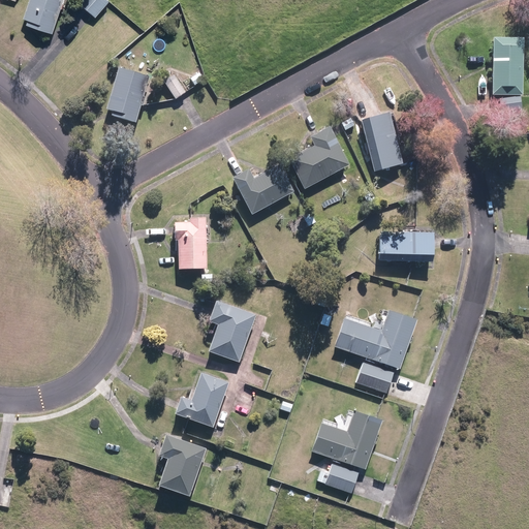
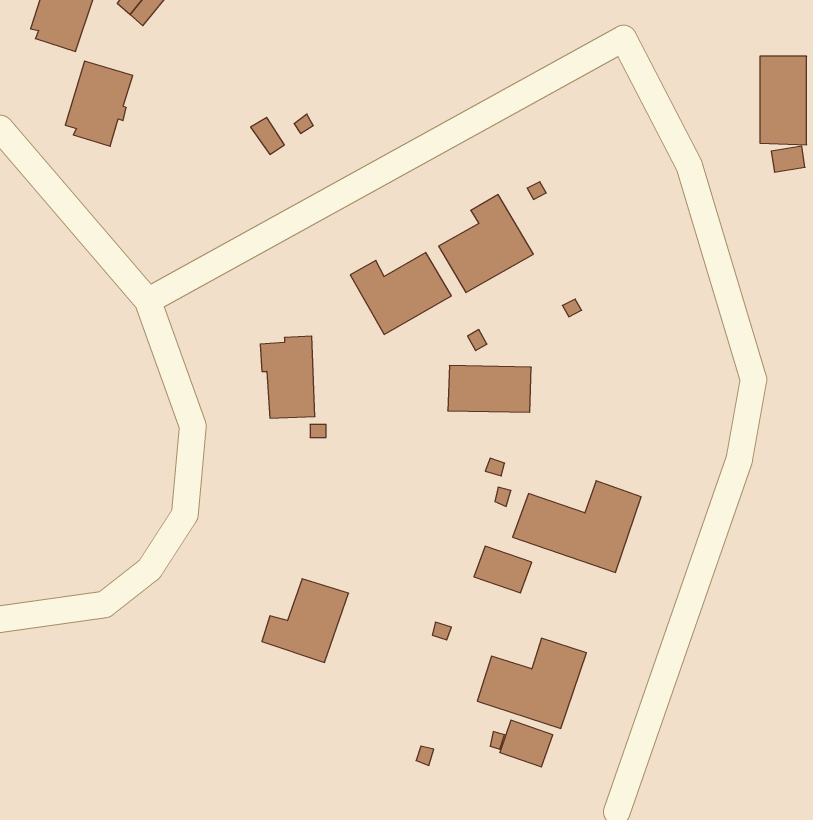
building: [107,69,151,124] -> [65,61,133,146]
building: [360,111,403,169] -> none
building: [379,230,433,260] -> [448,366,531,412]
building: [208,300,255,361] -> none
building: [359,362,396,392] -> [474,546,532,593]
building: [156,432,207,495] -> none

